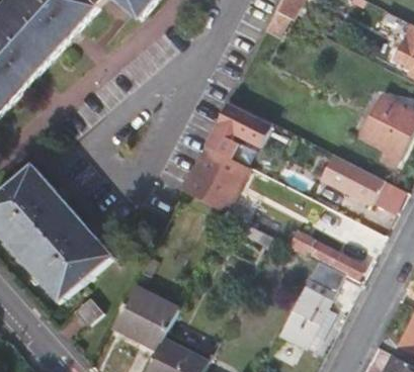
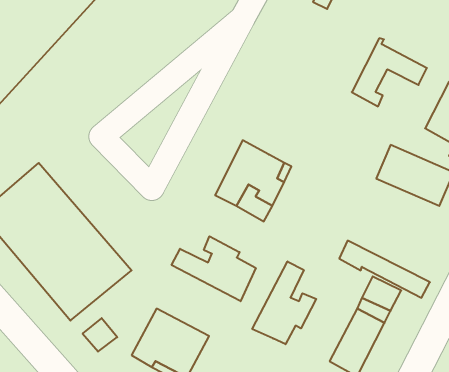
building: [206,100,270,158] -> [352,38,427,106]
building: none -> [172,236,256,301]
building: none -> [252,261,316,344]

